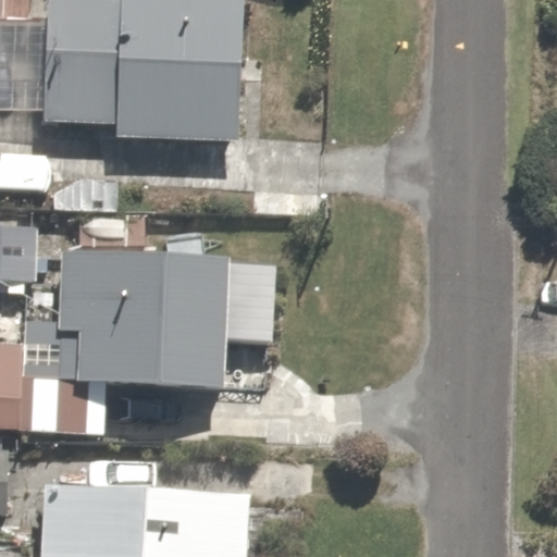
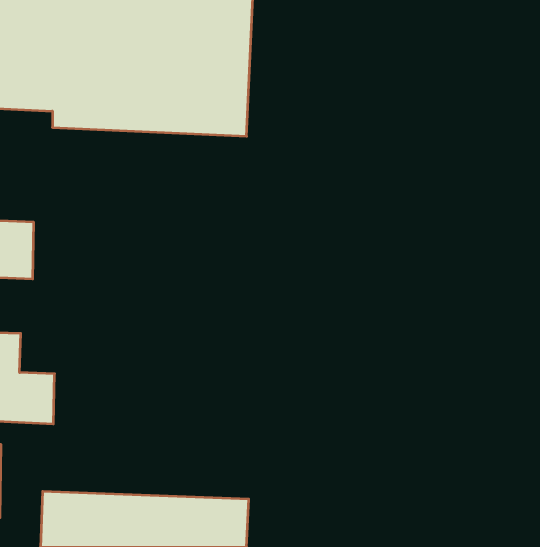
building: [59,257,268,385] -> none

